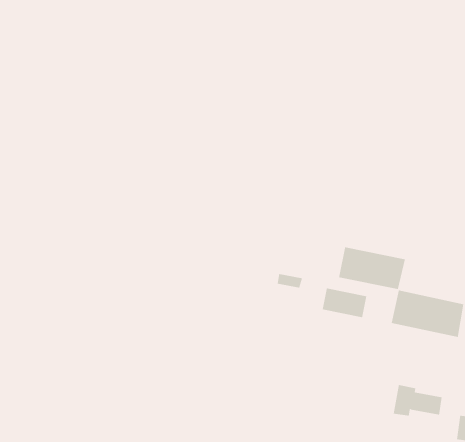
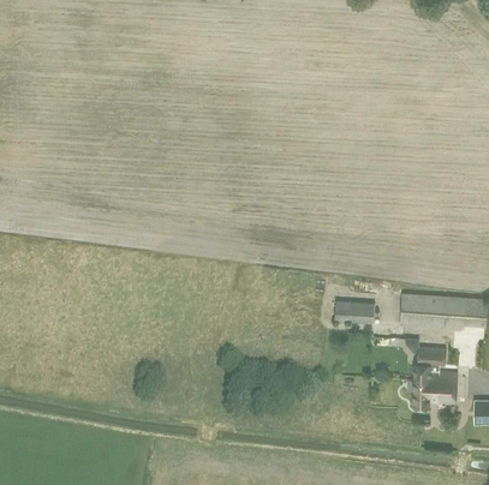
building: [339,247,405,290] -> none
building: none -> [415,347,458,385]

